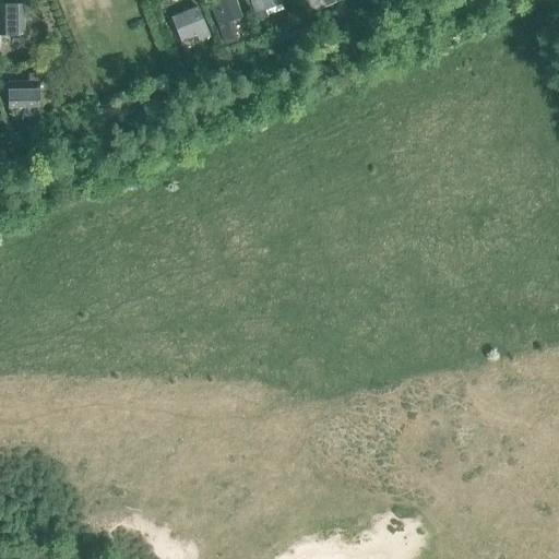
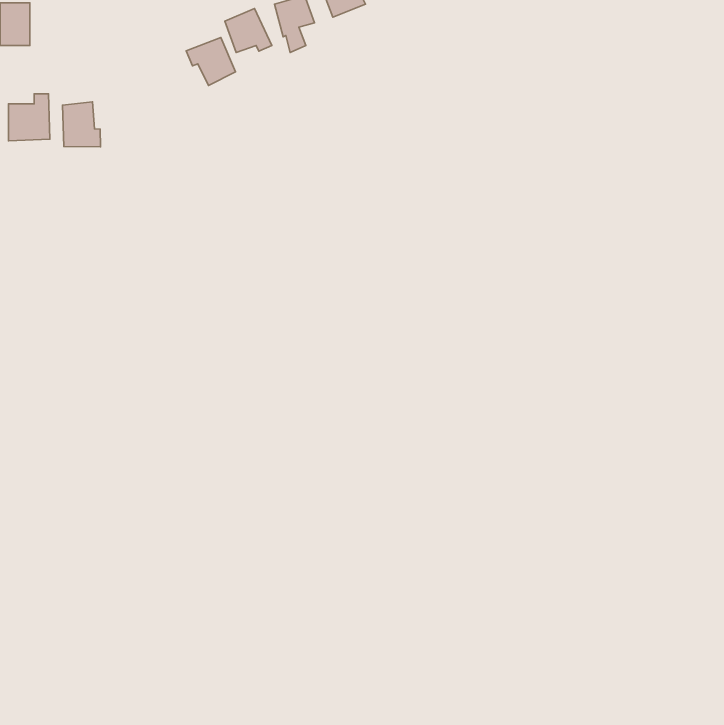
building: none -> [186,38,236,86]
building: none -> [62,102,101,147]

